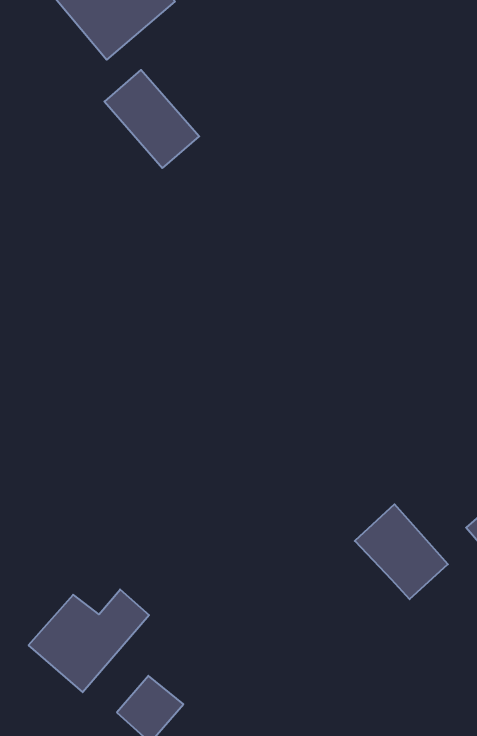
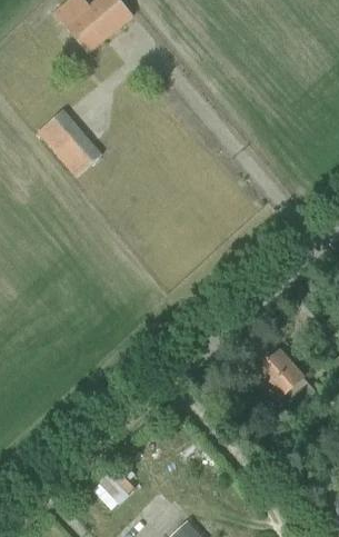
building: [104,70,199,168] -> [38,110,101,176]
building: [29,589,149,692] -> none

